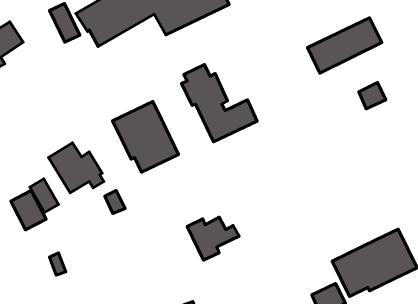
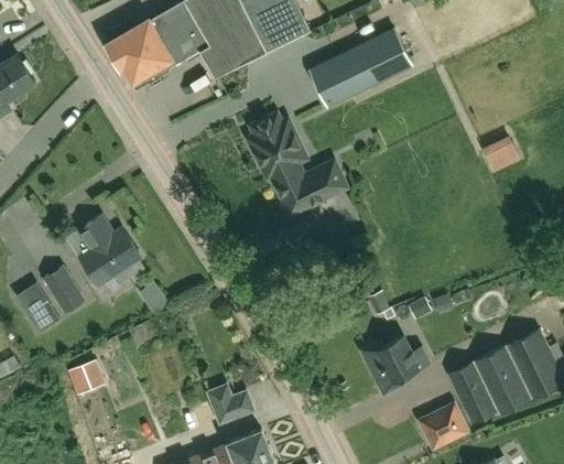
building: [50,3,80,42] -> none
building: [308,18,382,73] -> [312,31,411,105]
building: [112,101,178,172] -> none
building: [187,217,239,260] -> [360,337,430,395]
building: none -> [208,385,256,423]

